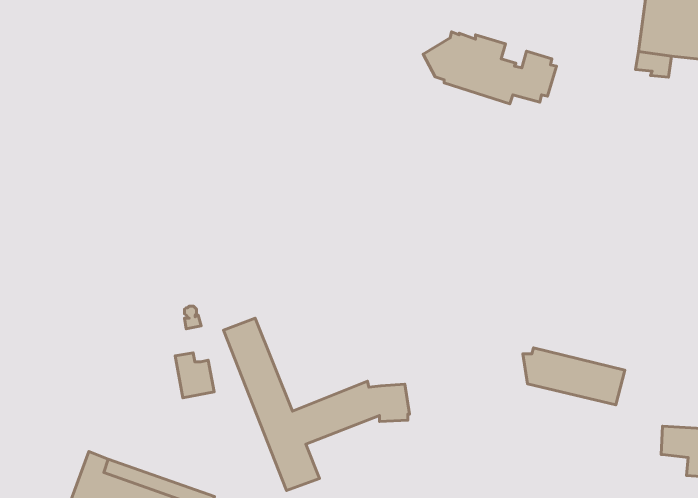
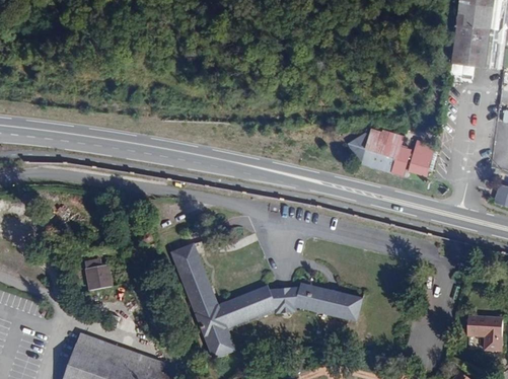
building: [423,32,556,104] -> [347,128,437,176]
building: [523,348,625,405] -> [293,283,362,321]
building: [175,353,214,398] -> [84,259,111,290]

